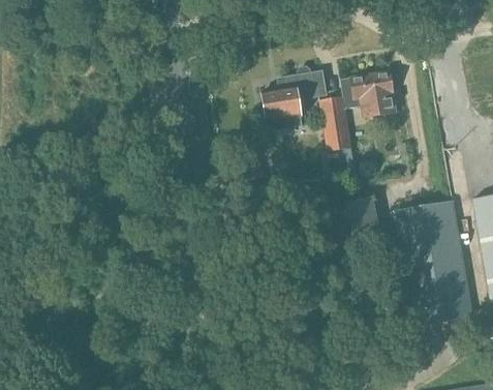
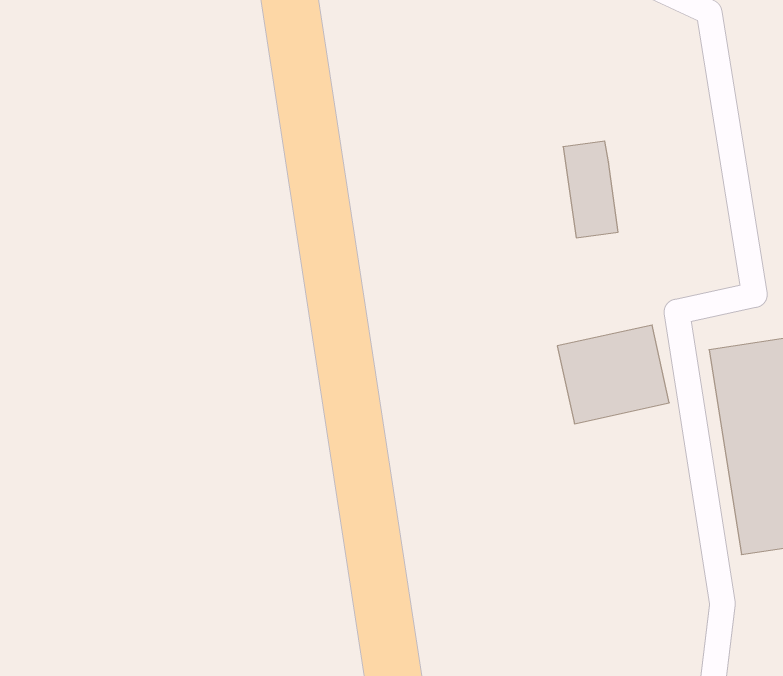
building: [342,70,397,116] -> none
building: [265,71,328,120] -> none

